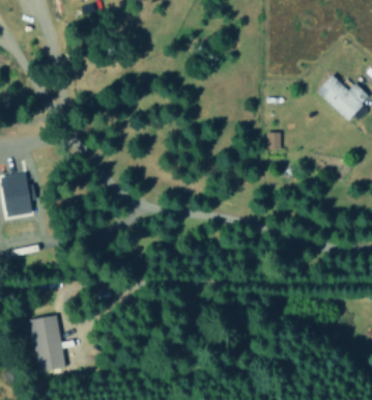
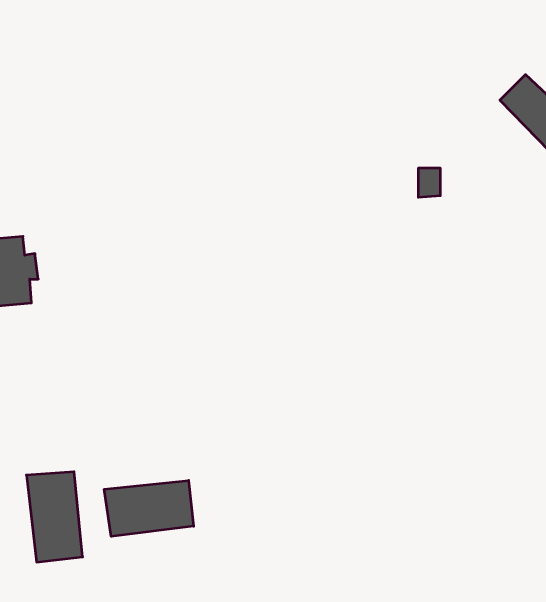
building: none -> [104,480,194,536]

